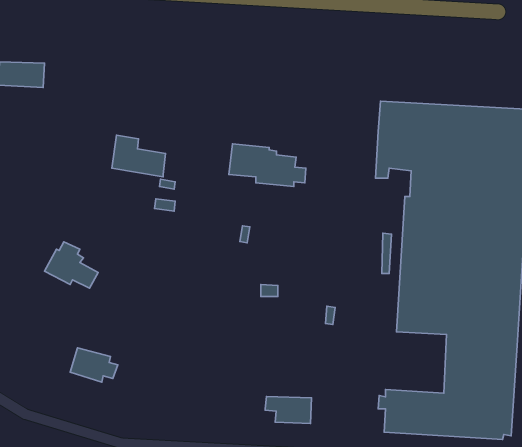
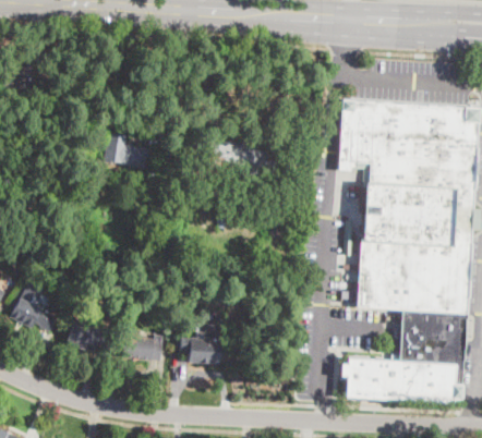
building: [44,242,98,288] -> [9,290,57,331]
building: none -> [121,336,162,361]
building: [265,397,312,424] -> [179,340,220,364]

